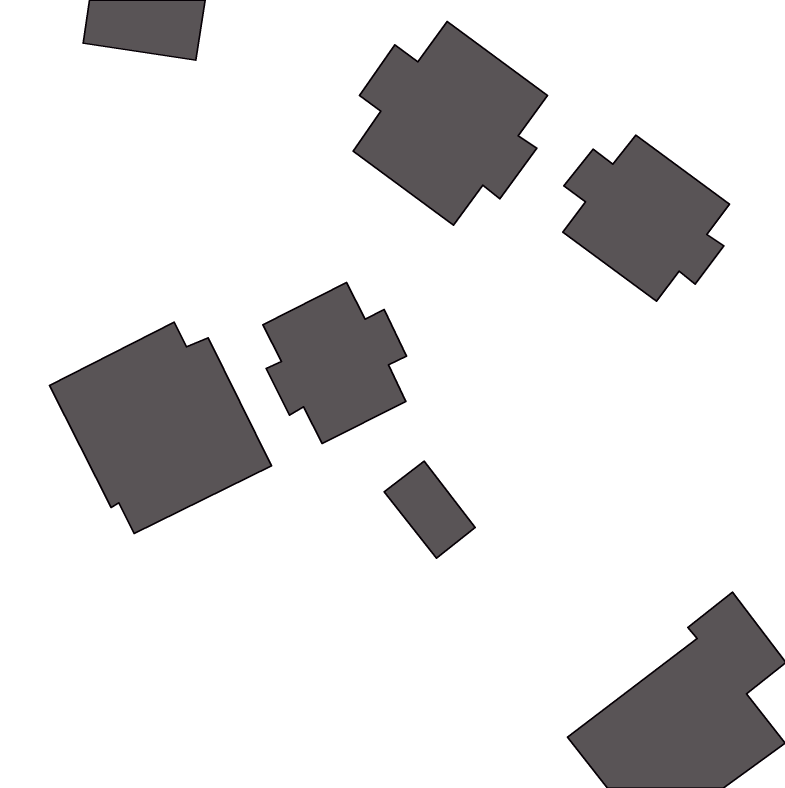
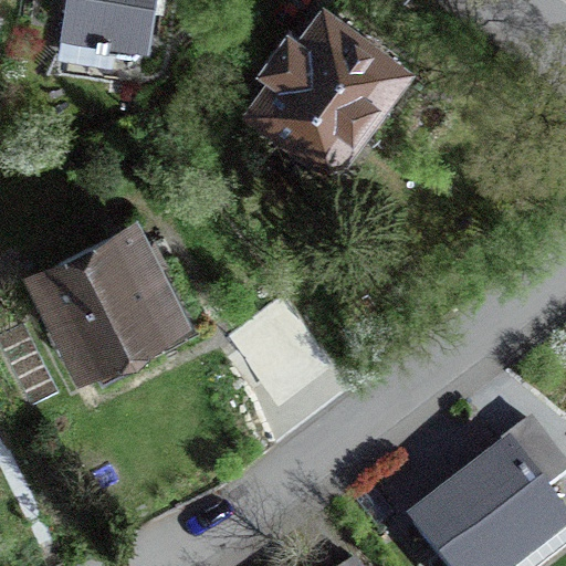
building: [563,135,730,301] -> none
building: [263,282,406,444] -> none

